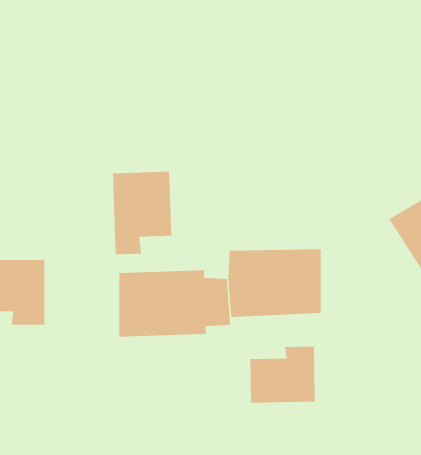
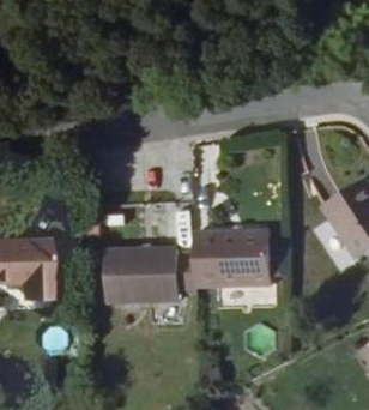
building: [112,171,172,255] -> none
building: [250,346,315,403] -> none

